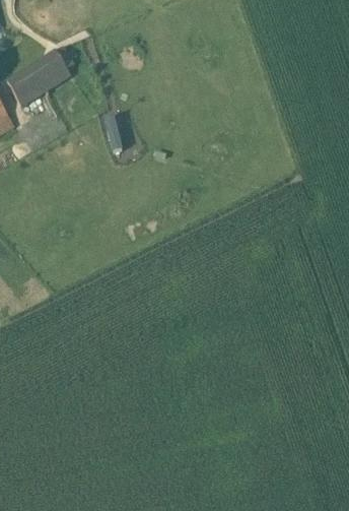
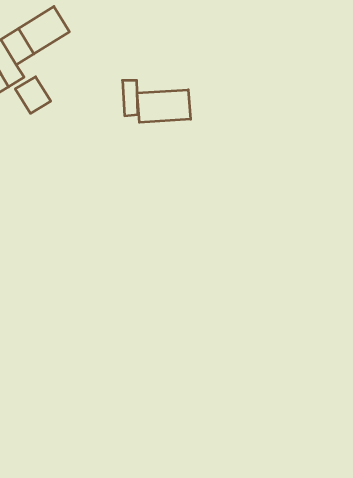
building: none -> [15,77,51,113]
building: none -> [137,90,191,122]

